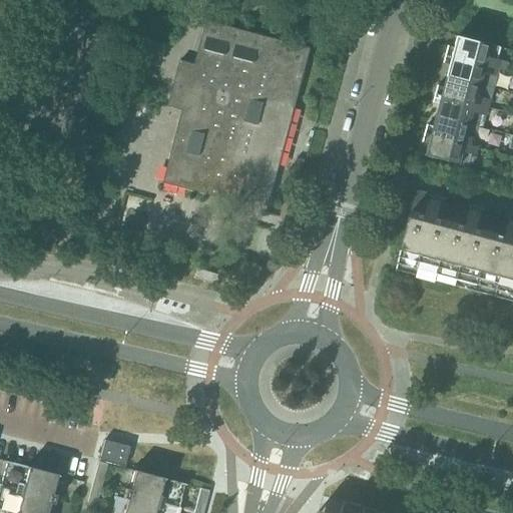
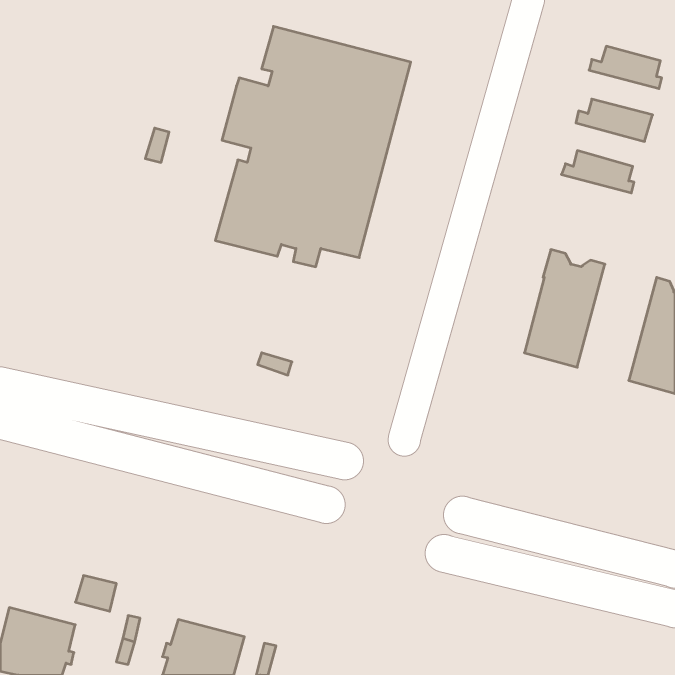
building: [445,53,500,87] -> none
building: [434,93,489,126] -> none
building: [424,132,479,165] -> none
building: [438,200,498,289] -> none
building: [99,440,130,467] -> [75,576,116,611]

